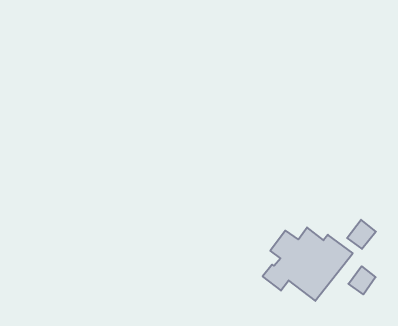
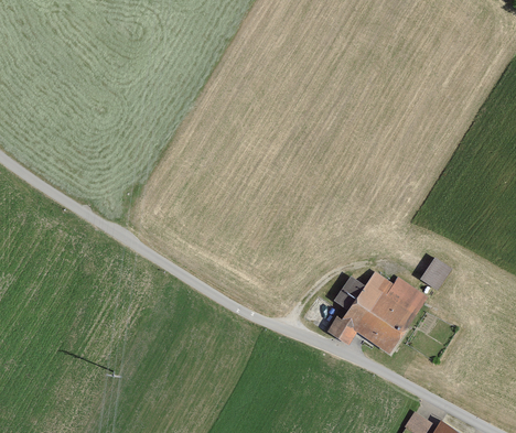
building: [348,266,376,294] -> none

